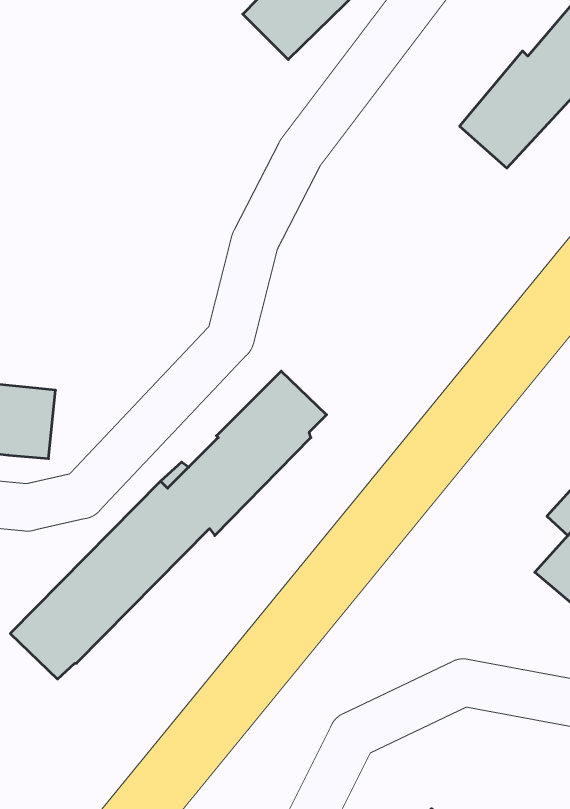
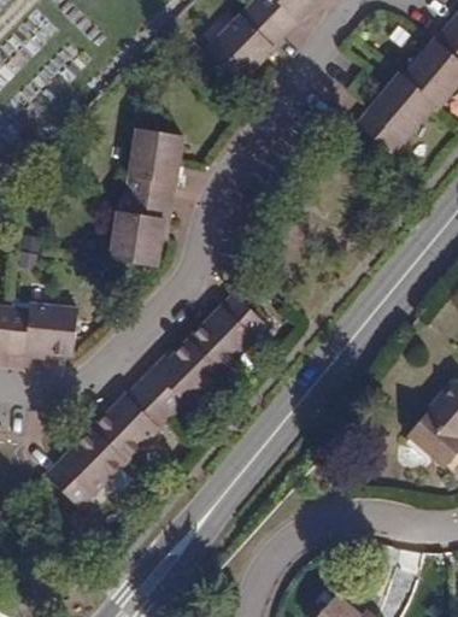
building: none -> [111,128,182,266]

